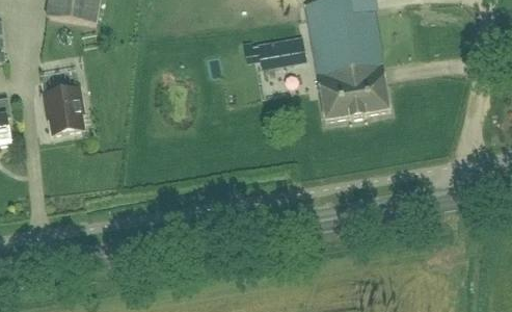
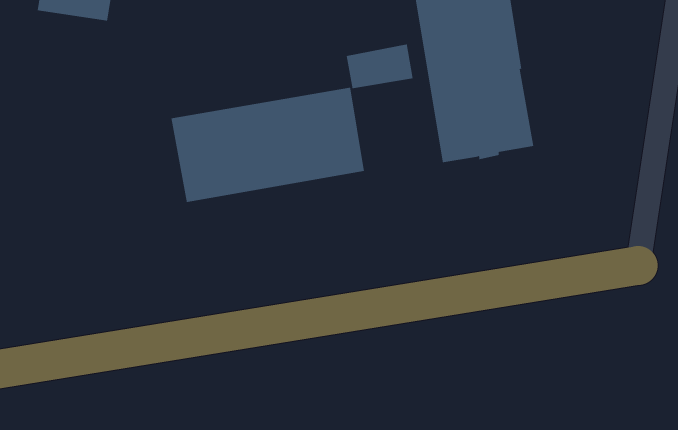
building: none -> [171,87,364,203]
building: [42,84,83,131] -> none

